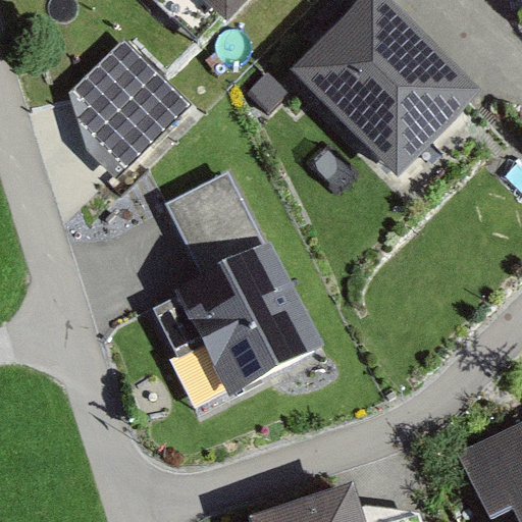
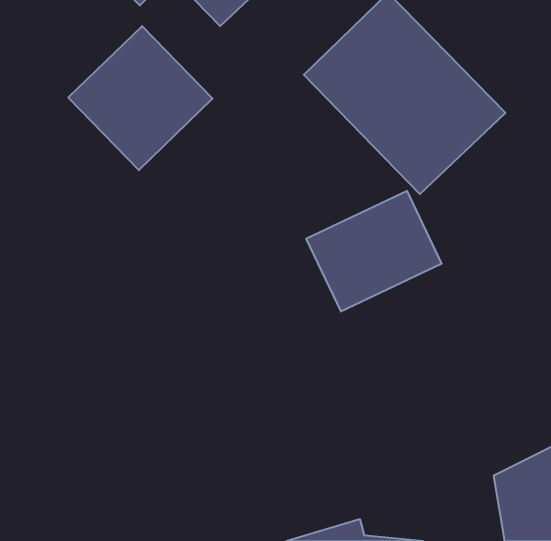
building: [166,176,313,389] -> none
building: none -> [306,191,442,312]

